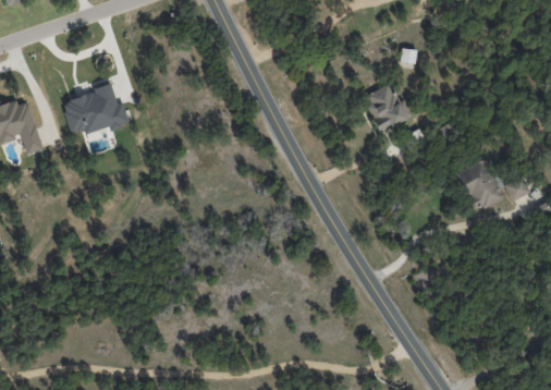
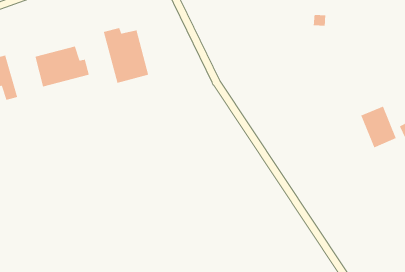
building: none -> [103,27,149,84]
building: [362,81,409,132] -> none

